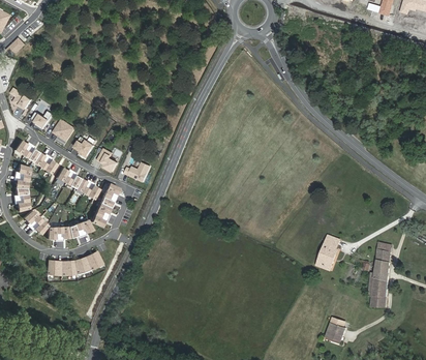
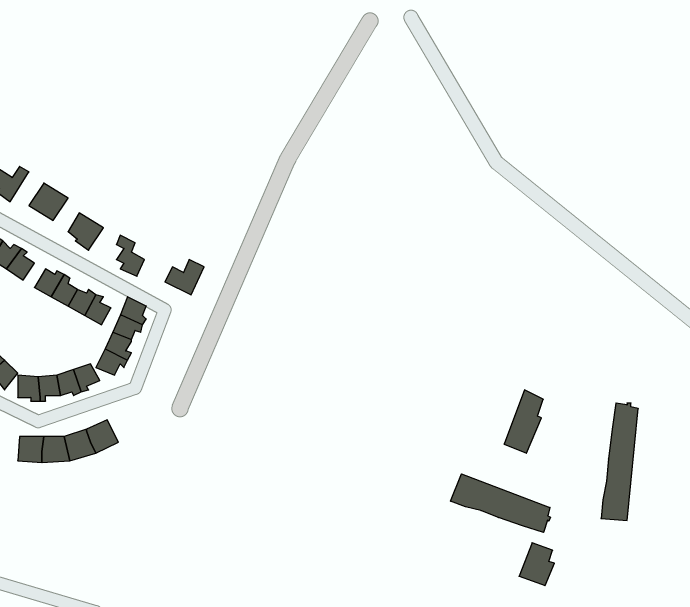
building: none -> [451,474,551,532]

